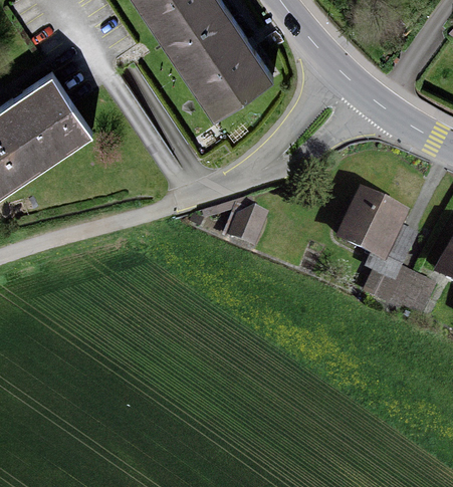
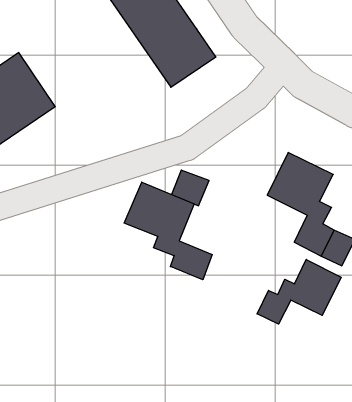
building: none -> [124,182,212,280]
building: none -> [257,259,341,324]

